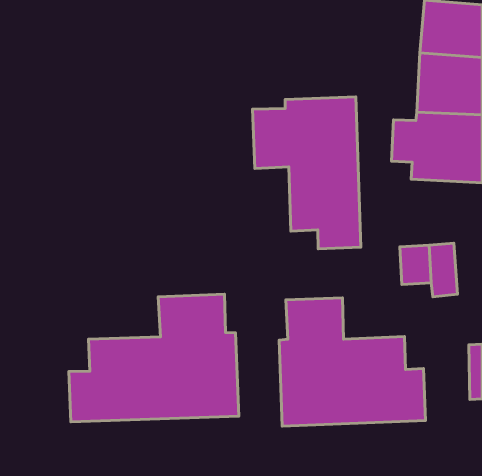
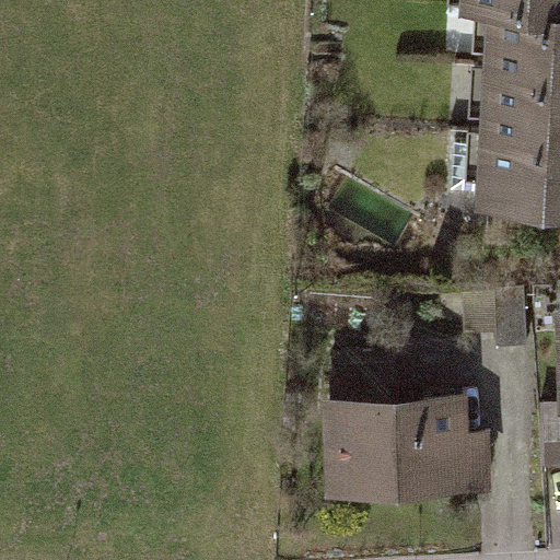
building: [252,97,361,249] -> none
building: [69,294,239,422] -> none

